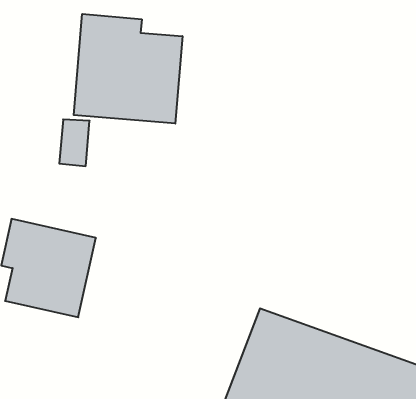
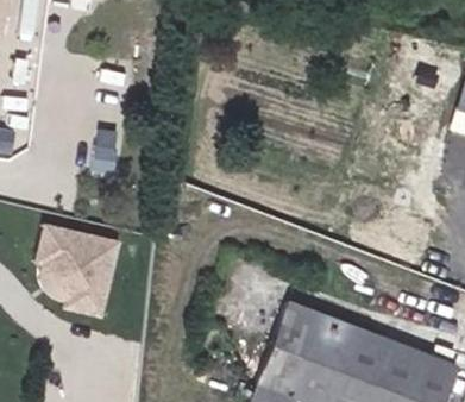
building: [74,14,182,124] -> none

